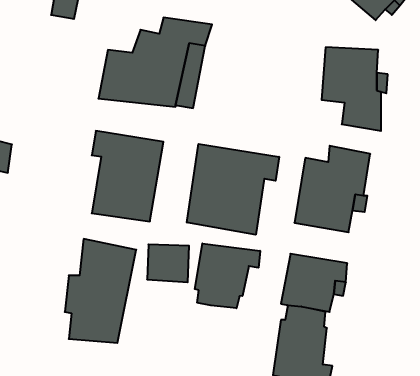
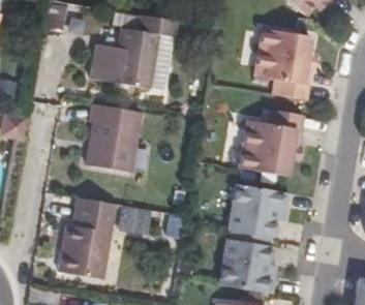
building: [187,144,279,235] -> none
building: [195,243,260,308] -> none

